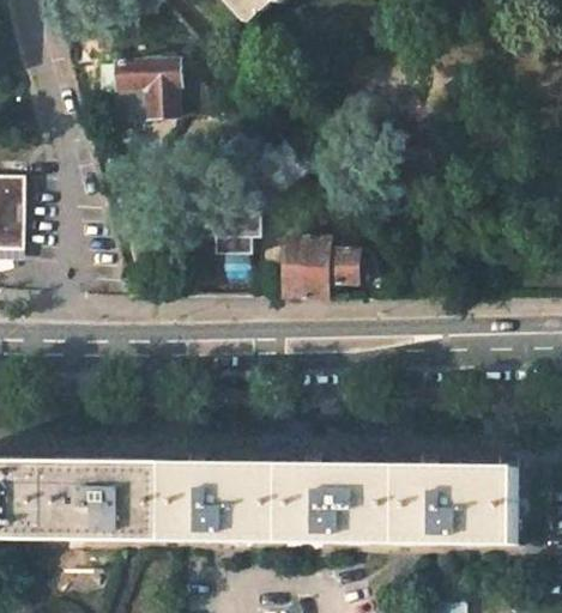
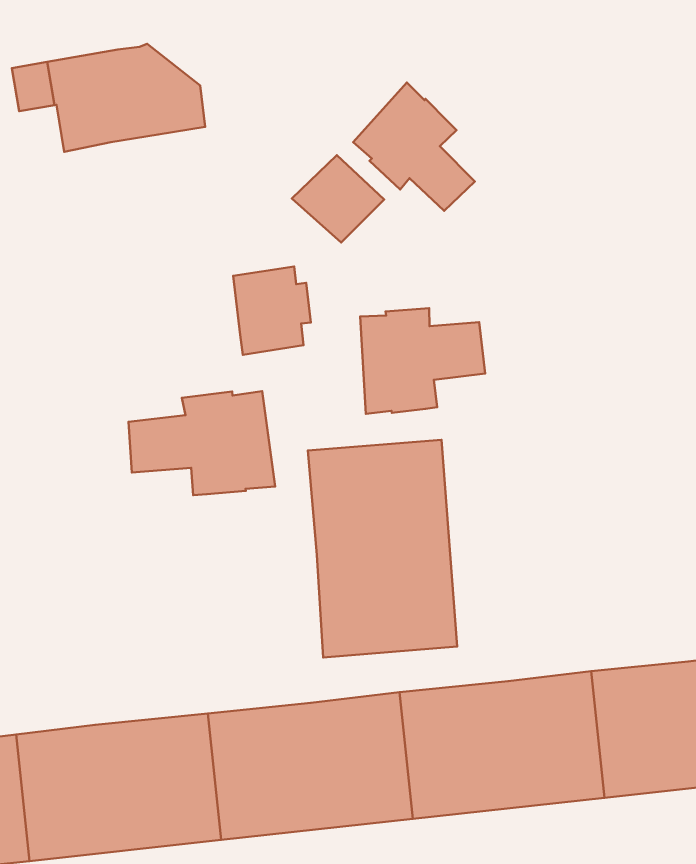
building: none -> [353,82,475,211]
building: none -> [128,391,275,495]
building: none -> [308,440,457,657]

